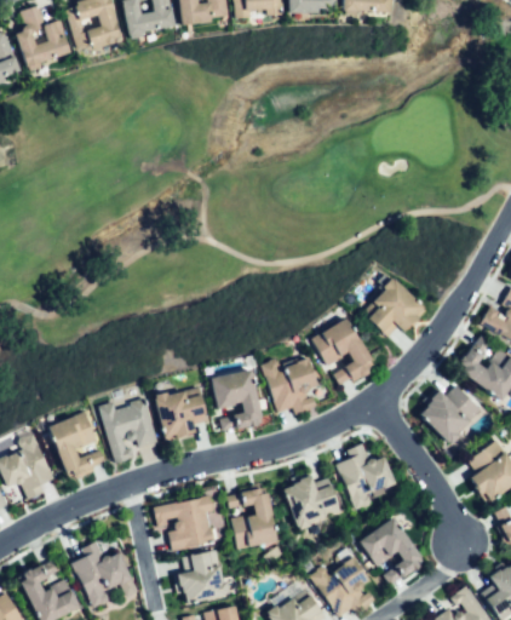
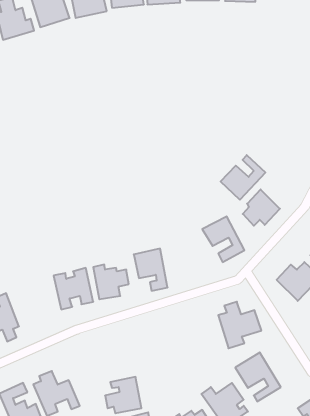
building: none -> [221,155,265,200]
building: [263,357,318,415] -> none
building: [47,413,104,477] -> none
building: [285,475,340,532] -> none
building: [228,489,280,547] -> none
building: [154,496,214,549] -> none

